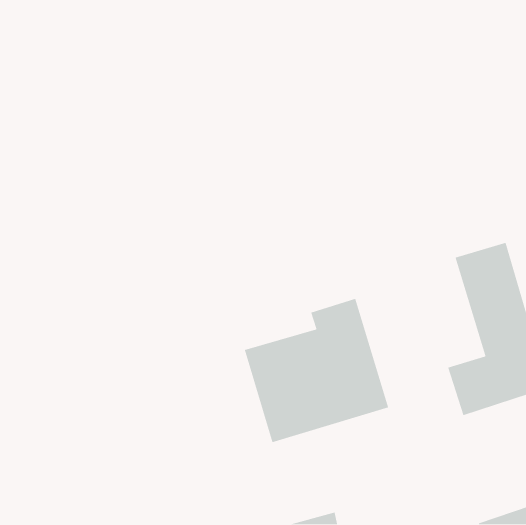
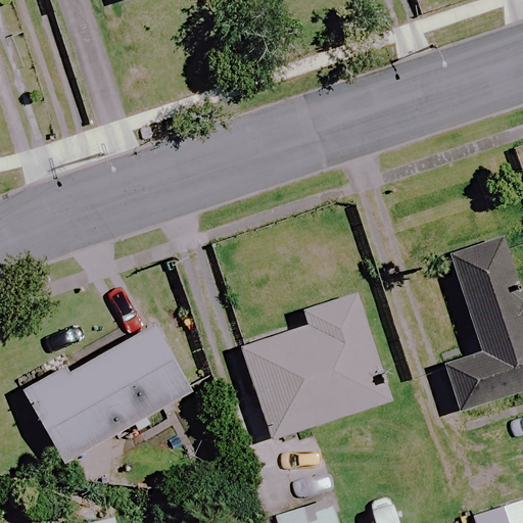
building: none -> [27,324,192,461]

